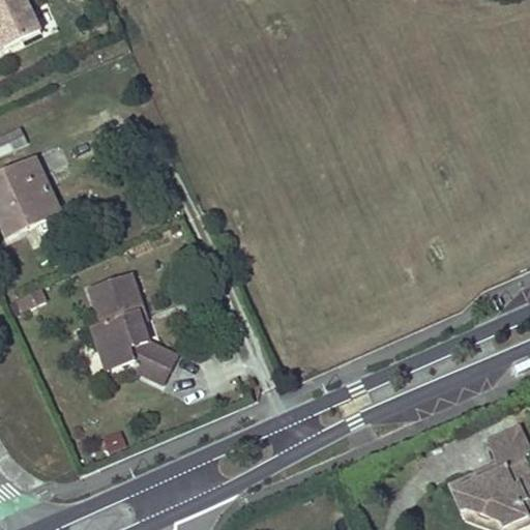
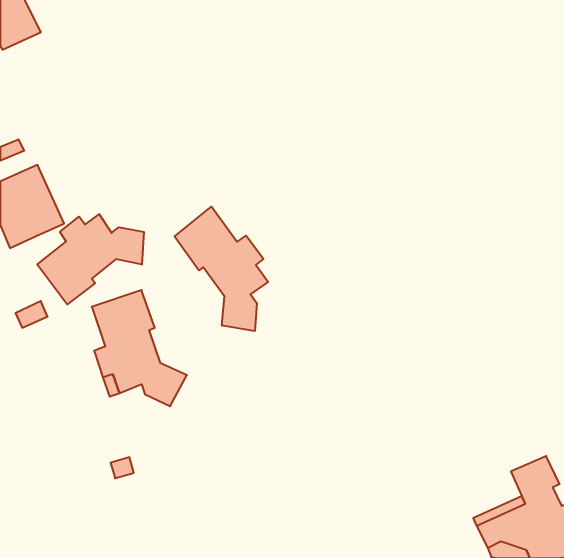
building: none -> [175,207,268,331]
building: none -> [37,214,144,304]

